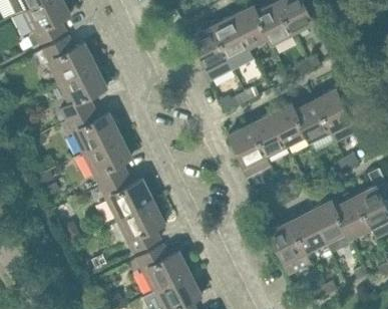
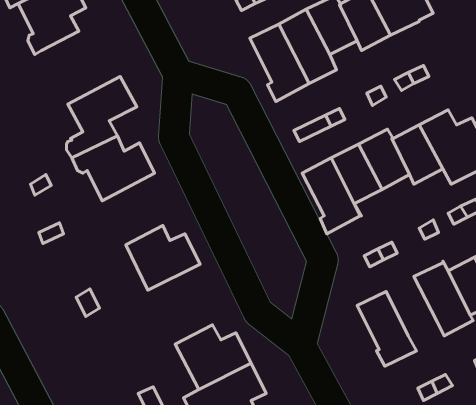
building: [35,36,95,84] -> none
building: [82,134,131,187] -> none
building: [115,201,164,253] -> none
building: [289,210,326,253] -> none

